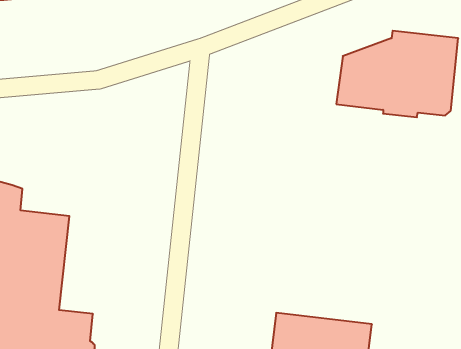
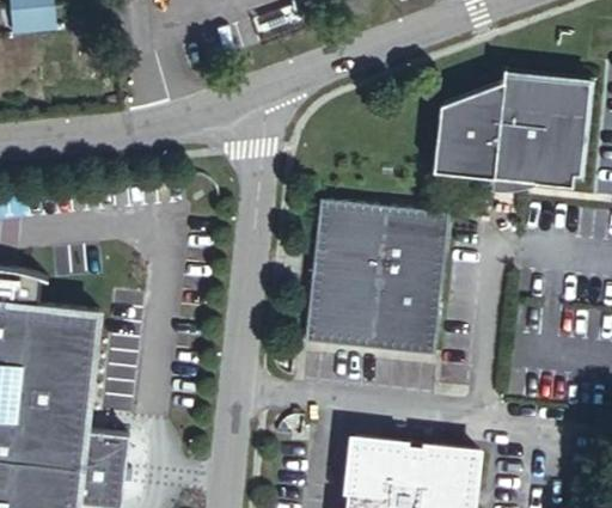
building: none -> [308,202,448,353]

